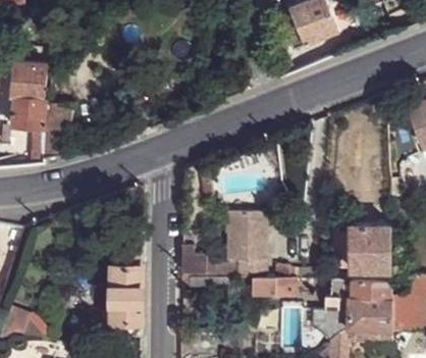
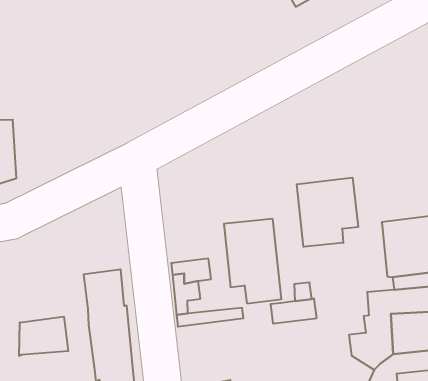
building: none -> [297,178,358,247]
building: none -> [19,317,68,356]

